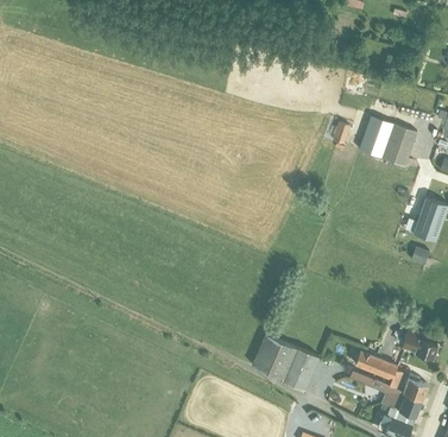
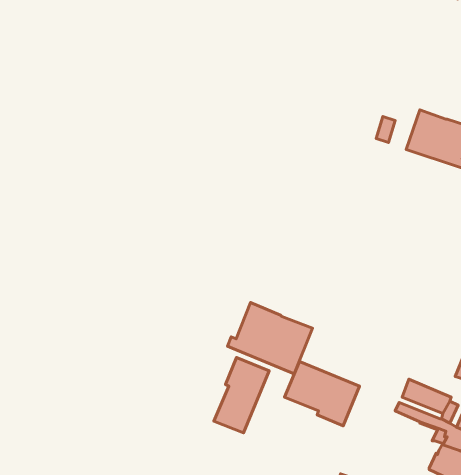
building: none -> [227,302,313,374]
building: none -> [214,357,269,433]

